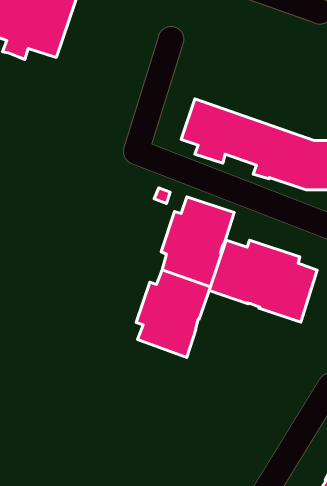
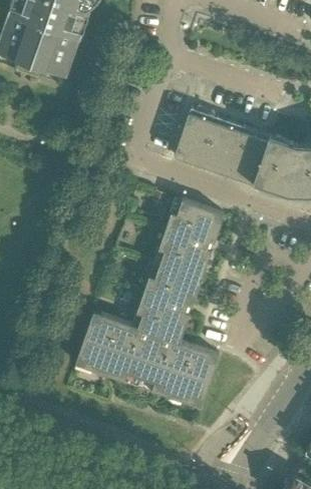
building: [209,240,317,322] -> none
building: none -> [74,311,218,407]

